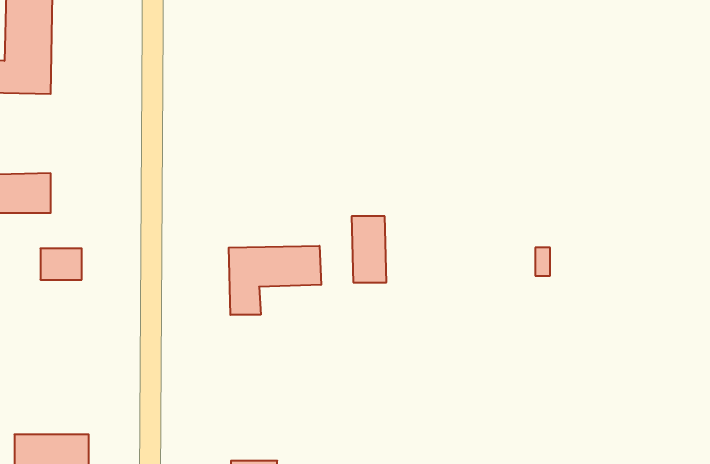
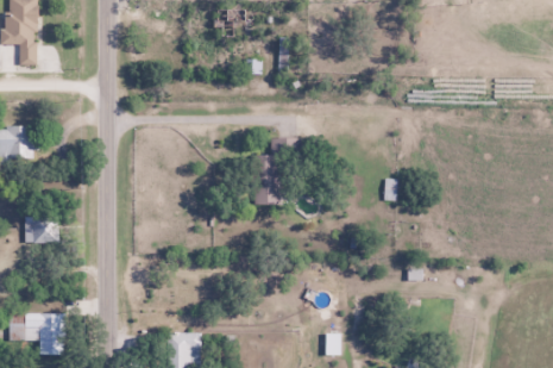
building: [229,246,321,315] -> none
building: [40,248,82,280] -> [26,220,56,243]

